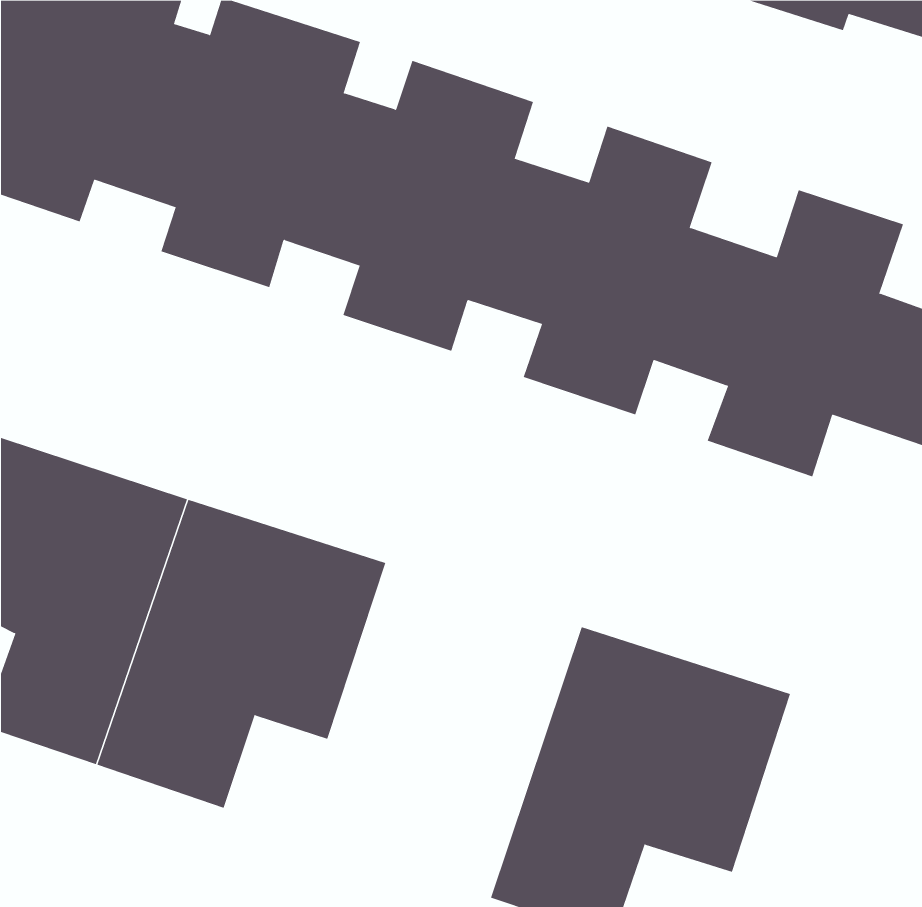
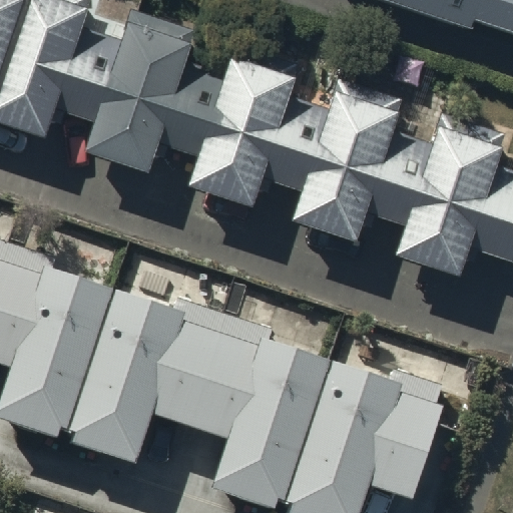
building: none -> [185,323,325,507]

